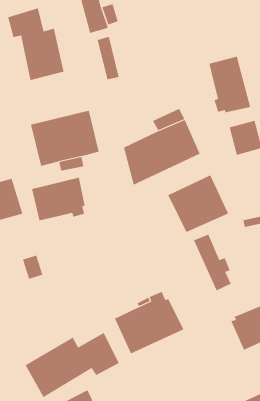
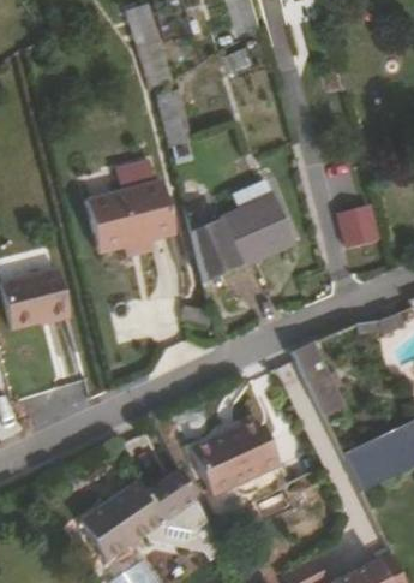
building: [7,8,64,81] -> none
building: [209,56,251,113] -> none
building: [168,175,229,233] -> none
building: [31,177,85,221] -> none

